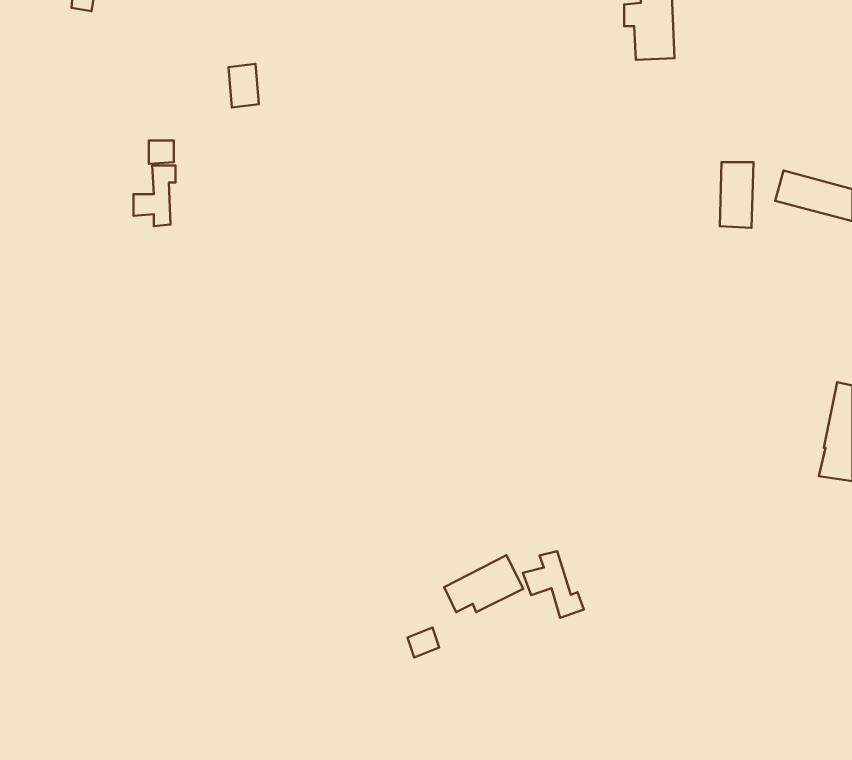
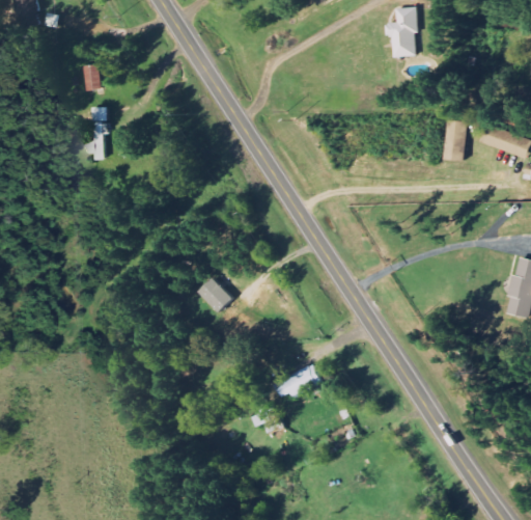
building: [229,64,259,108] -> [83,63,102,90]
building: none -> [197,277,233,312]
building: [523,551,584,618] -> none

